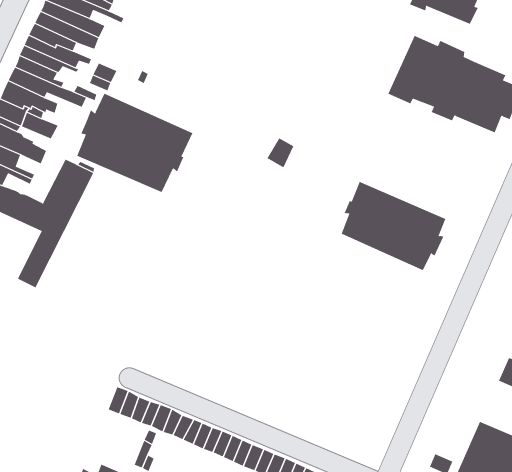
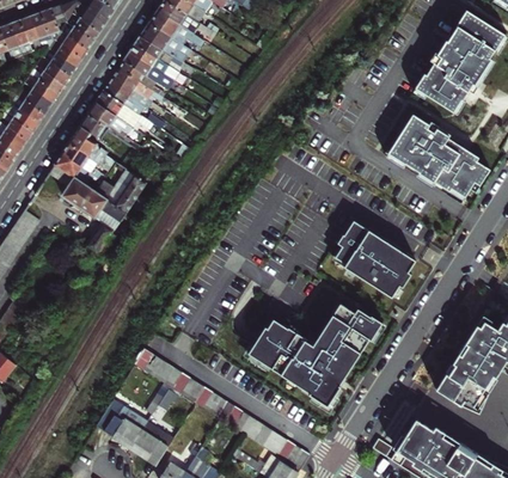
building: [77,93,193,193] -> none
building: none -> [246,302,382,410]

